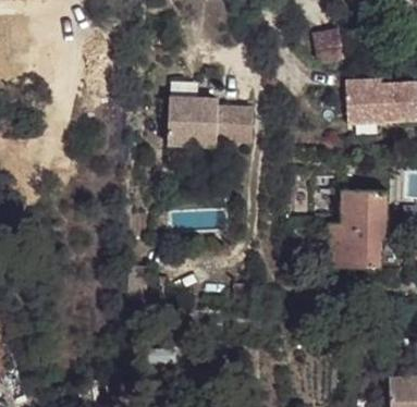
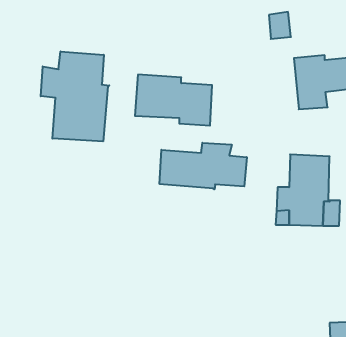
building: none -> [41,51,109,141]
building: none -> [160,143,247,189]

